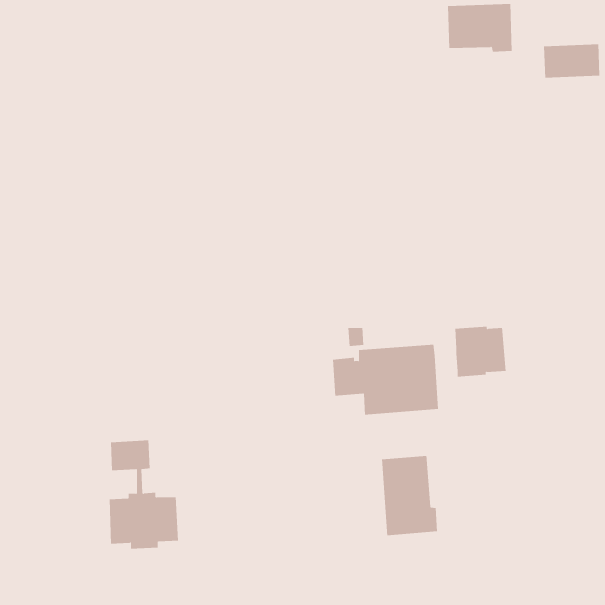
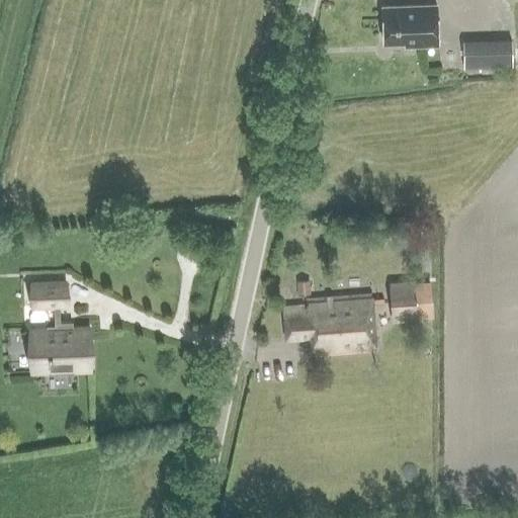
building: [109,440,179,549] -> [31,280,91,373]
building: [381,455,437,536] -> none

